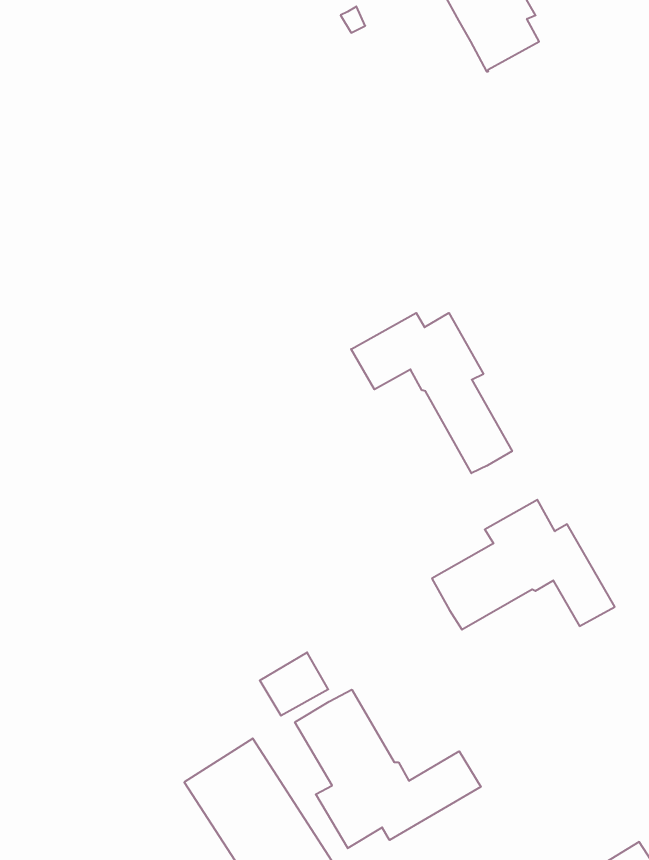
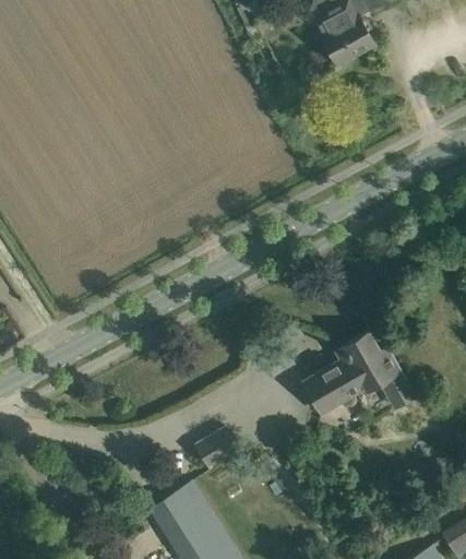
building: [351,313,512,473] -> none
building: [295,690,481,848] -> none

